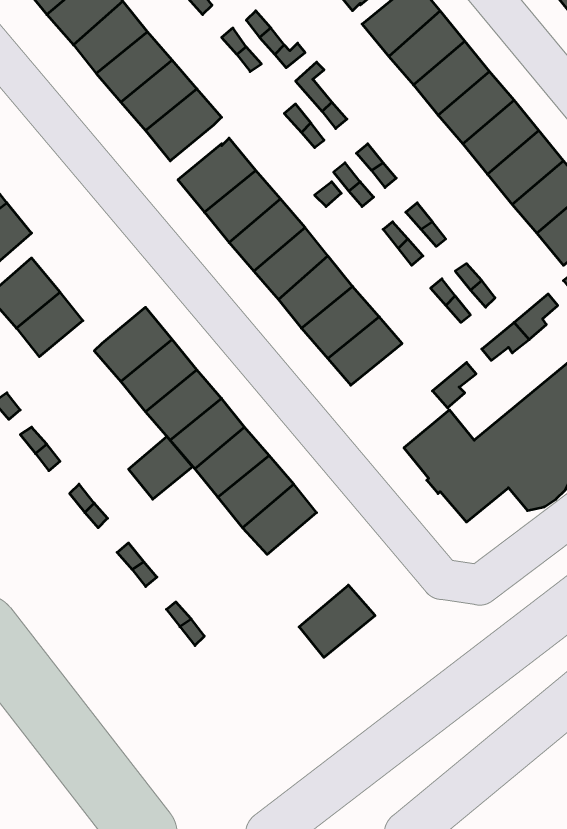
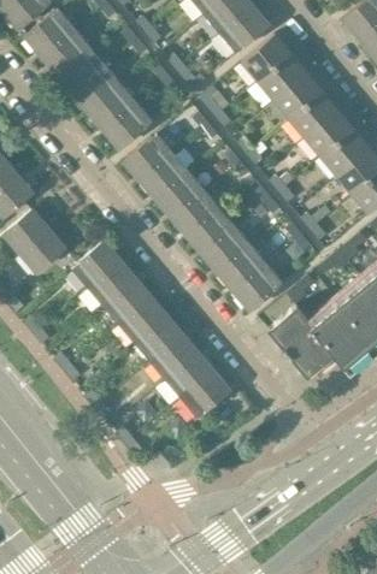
building: none -> [235,264,283,310]
building: [129,436,193,499] -> none
building: [299,585,375,657] -> [182,371,230,416]

